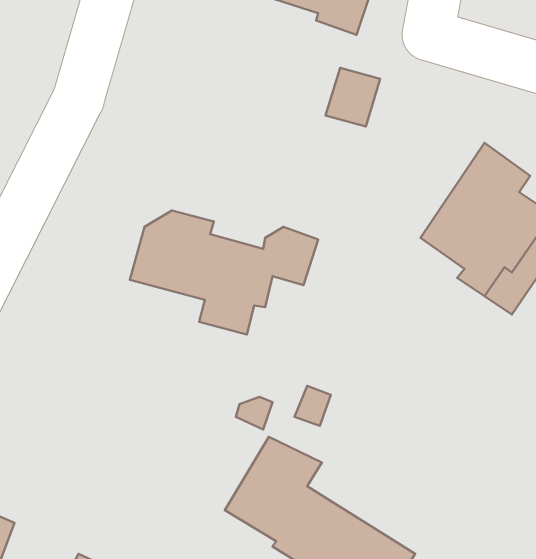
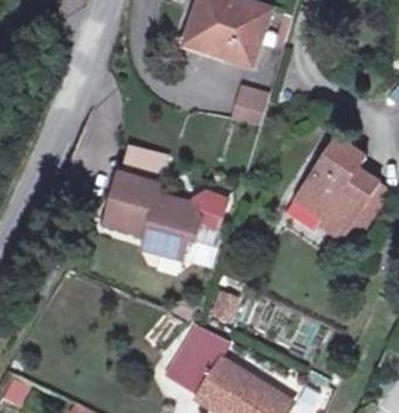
building: none -> [114,144,167,190]

